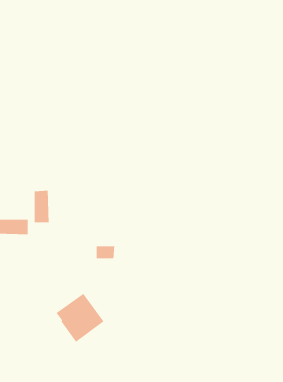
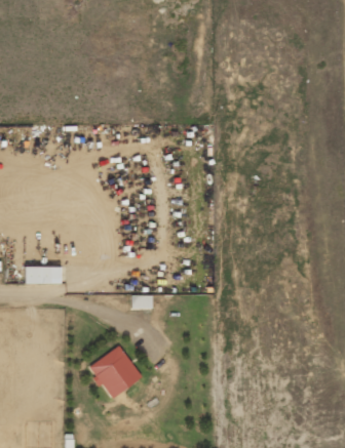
building: [34,190,50,223] -> none

